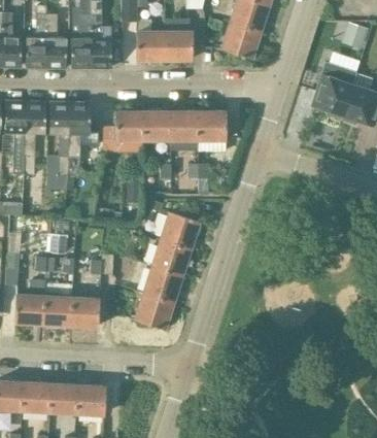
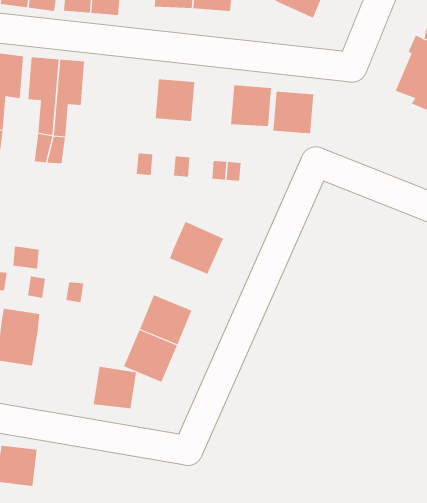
building: [115,110,143,139] -> none
building: [170,110,198,139] -> [273,91,314,134]
building: [152,239,191,275] -> none
building: [70,297,100,326] -> [93,366,137,409]
building: [77,384,106,413] -> none

